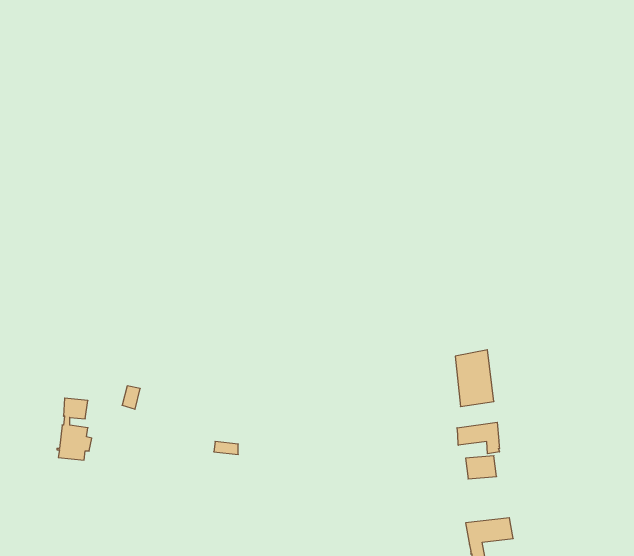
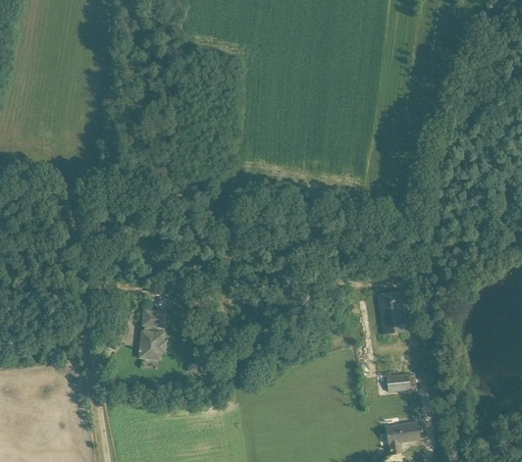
building: [57,398,92,460] -> [138,309,165,358]
building: [457,422,500,454] -> none

